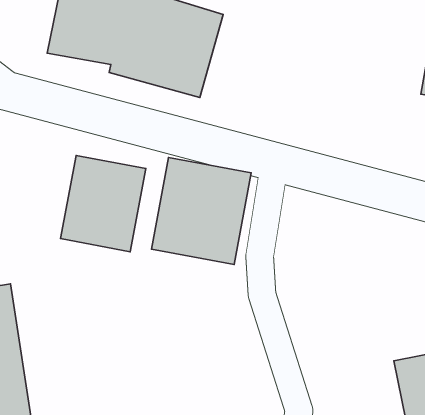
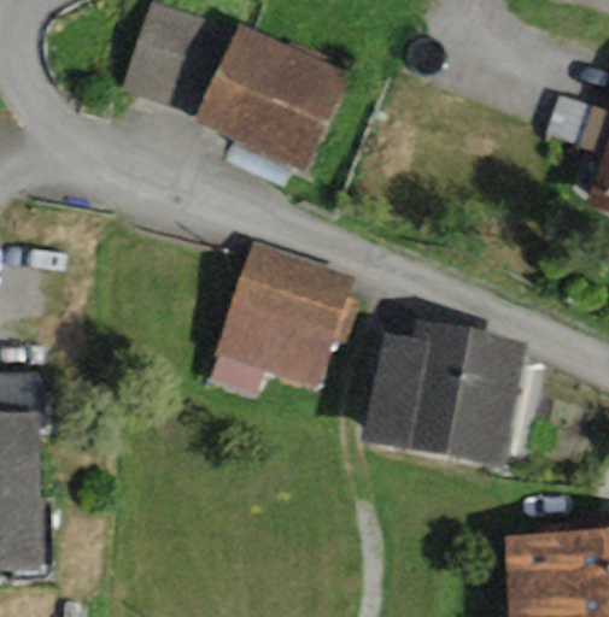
building: [60,155,146,252] -> none
building: none -> [365,319,534,469]

